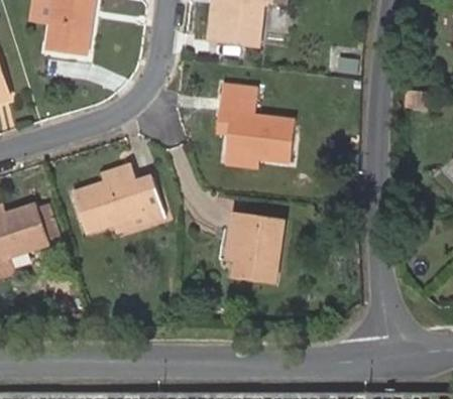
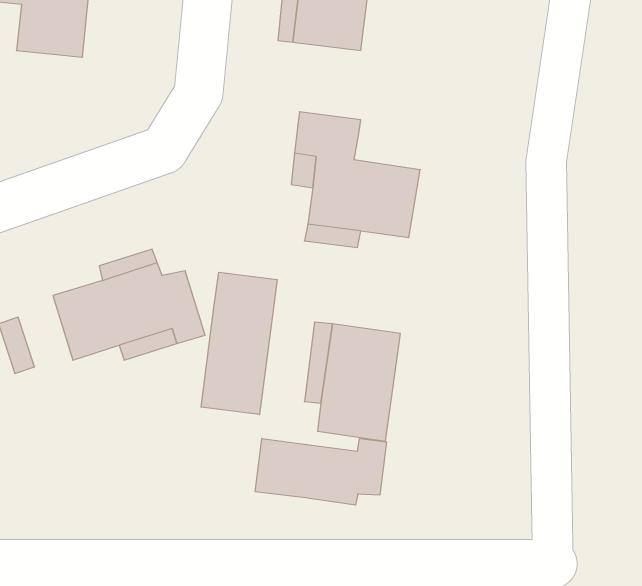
building: none -> [201,272,277,415]
building: none -> [255,438,386,505]

